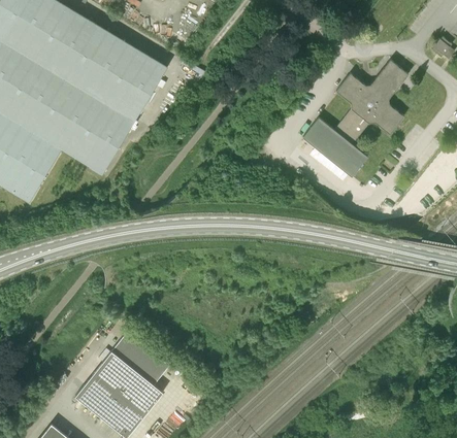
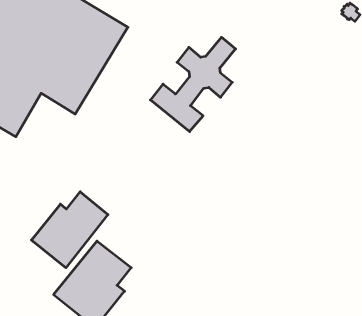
building: [302,61,407,177] -> [150,37,236,132]
building: none -> [31,192,108,268]

